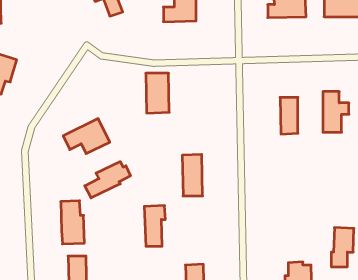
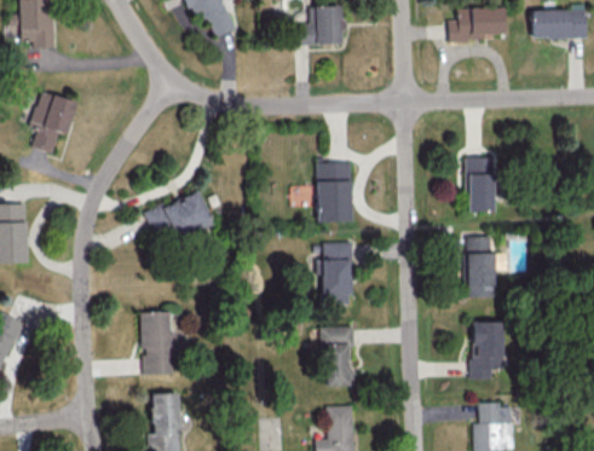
building: [146,73,169,113] -> [316,162,351,221]
building: [323,92,349,132] -> [467,236,506,296]
building: [85,162,130,198] -> none
building: [144,206,165,246] -> [323,325,354,386]
building: [331,228,354,267] -> [469,320,503,378]

